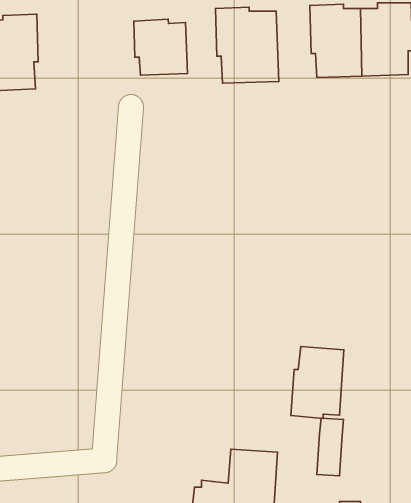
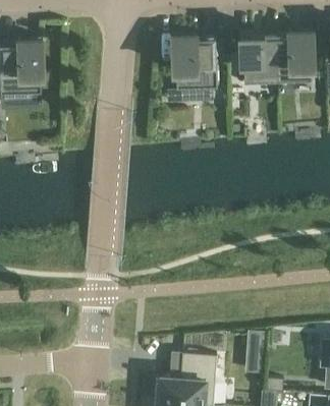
building: [134,19,188,75] -> none
building: [291,347,344,418] -> none

